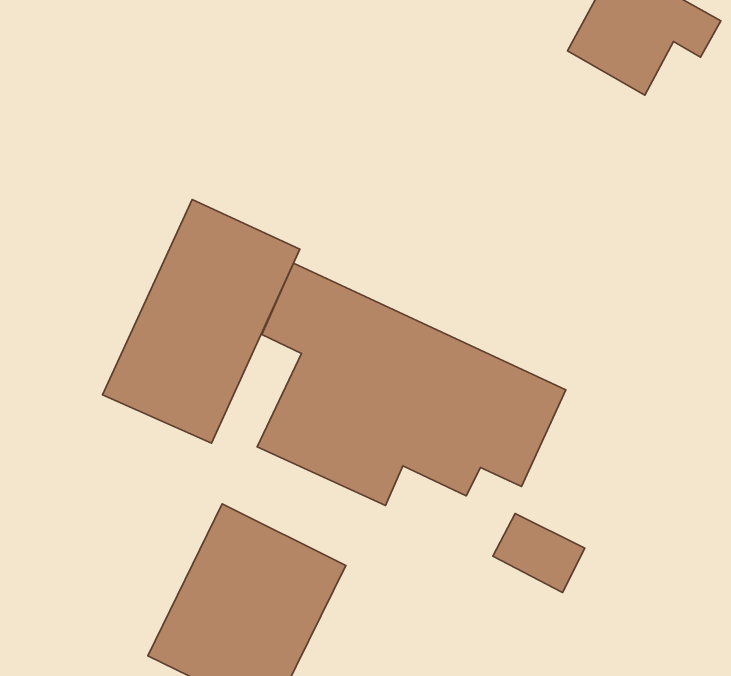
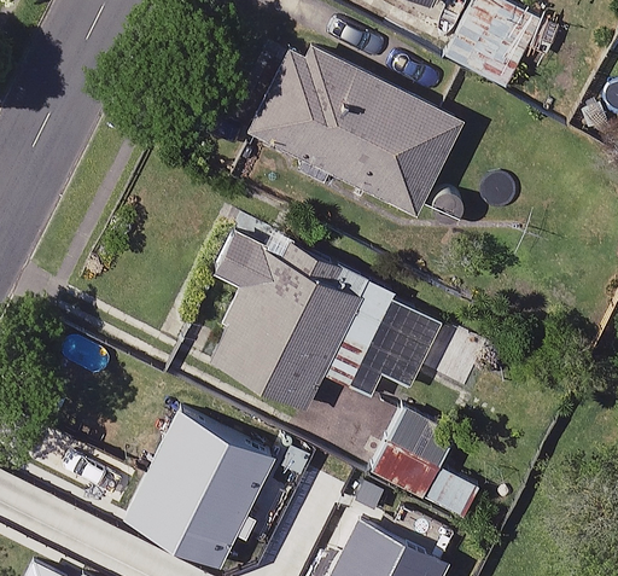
building: none -> [249,45,460,217]
building: [103,199,300,443] -> none

